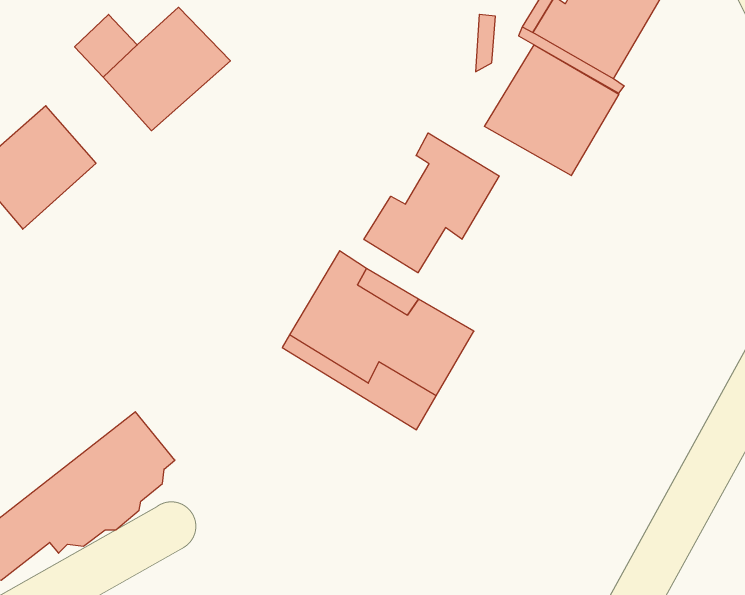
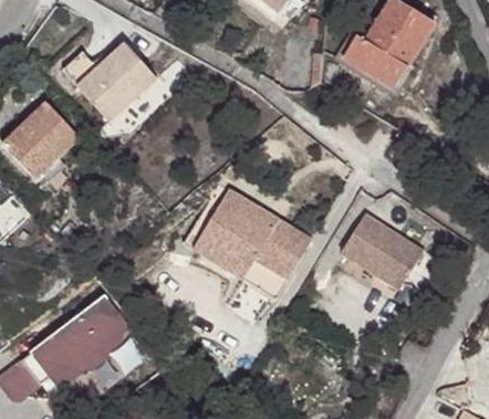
building: [484,45,619,176] -> none
building: [364,133,499,273] -> none
building: none -> [343,218,426,295]

